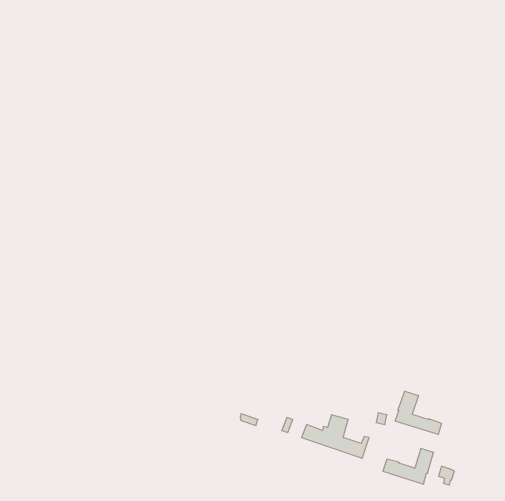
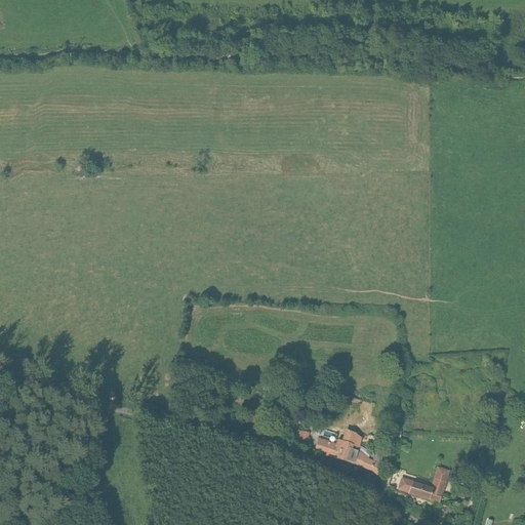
building: [395,391,441,435] -> none

